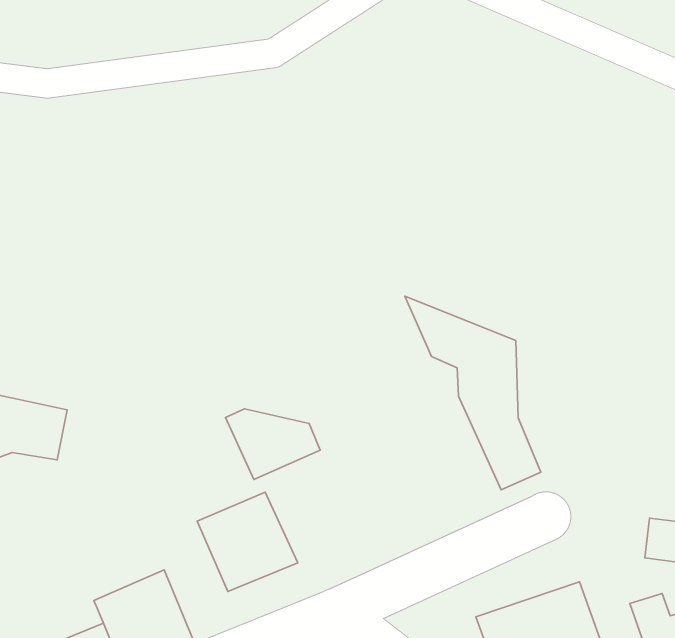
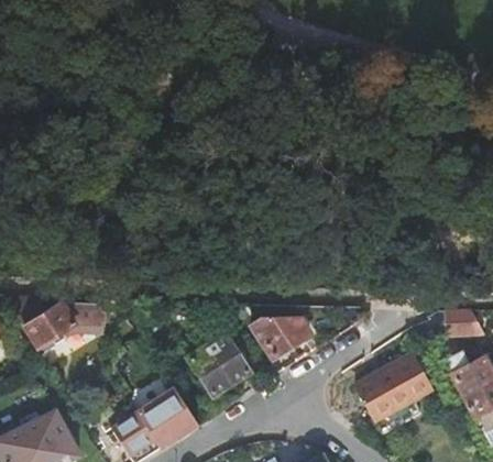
building: [405,296,541,490] -> none
building: [226,409,320,480] -> [249,316,306,355]

